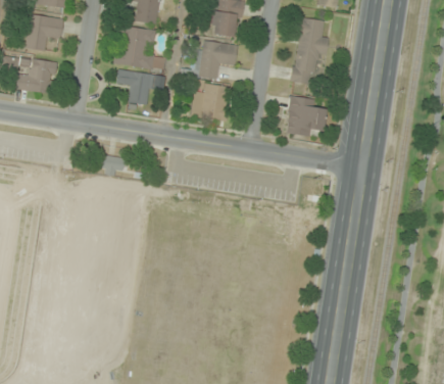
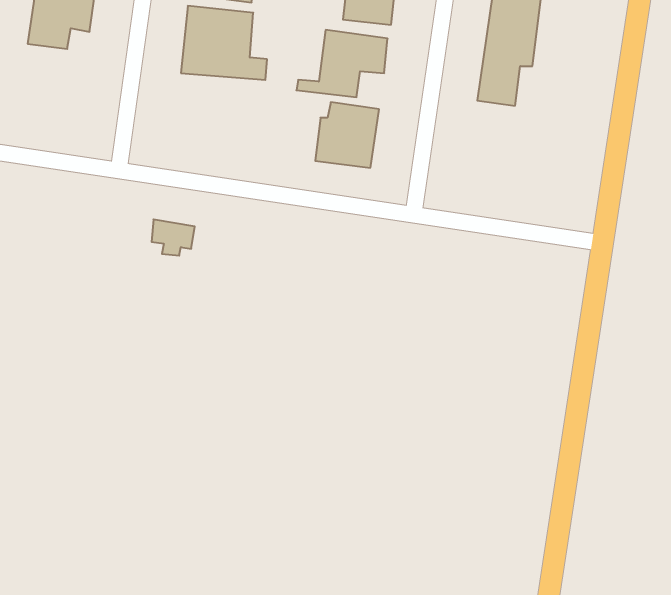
building: [16,56,57,95] -> none
building: [116,69,156,105] -> none
building: [285,96,327,137] -> none

